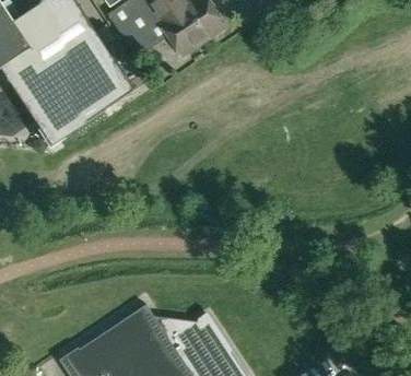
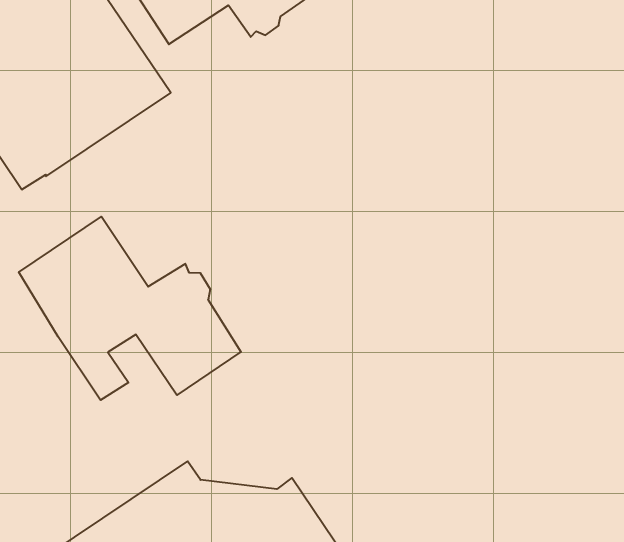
building: none -> [19,217,241,400]

